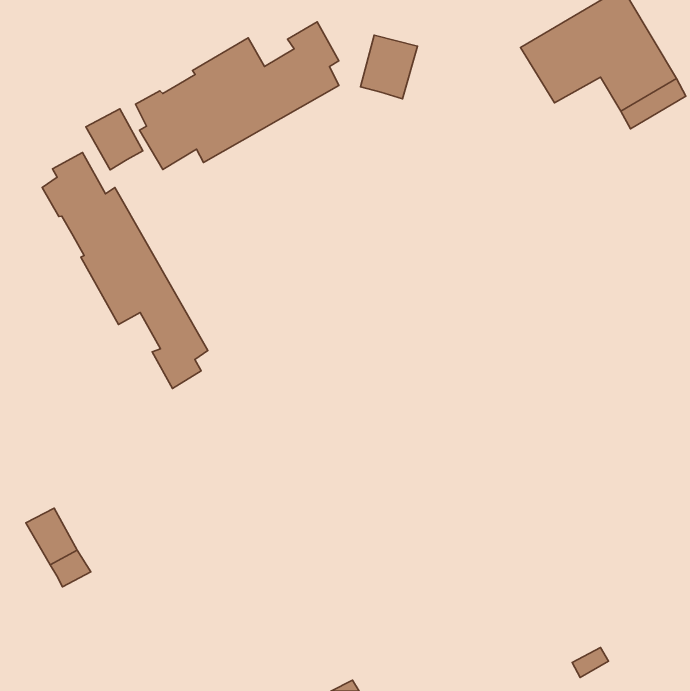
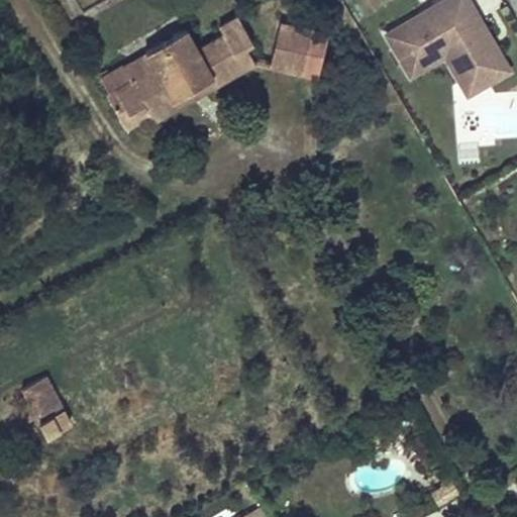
building: [86,109,143,170] -> none
building: [42,152,208,388] -> none

